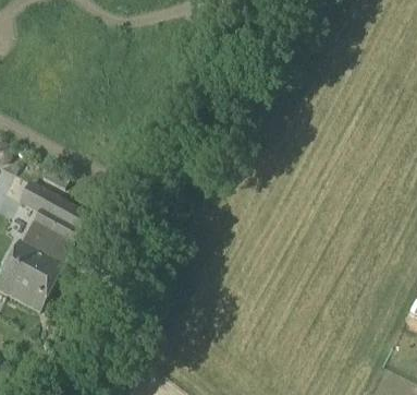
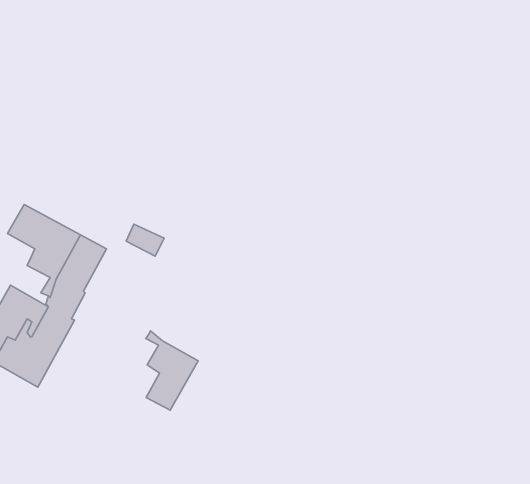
building: none -> [146,331,198,410]

